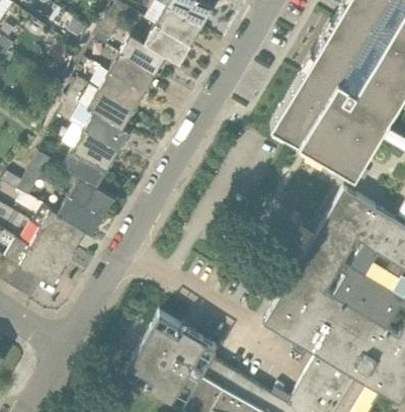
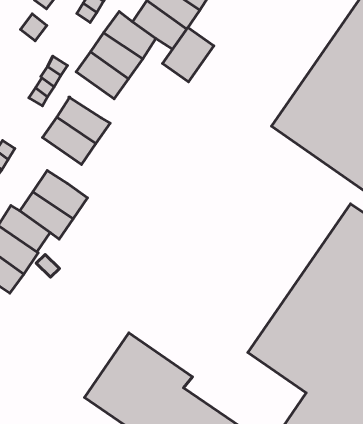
building: none -> [163,28,214,82]
building: [87,89,133,128] -> none
building: [62,148,108,186] -> none

